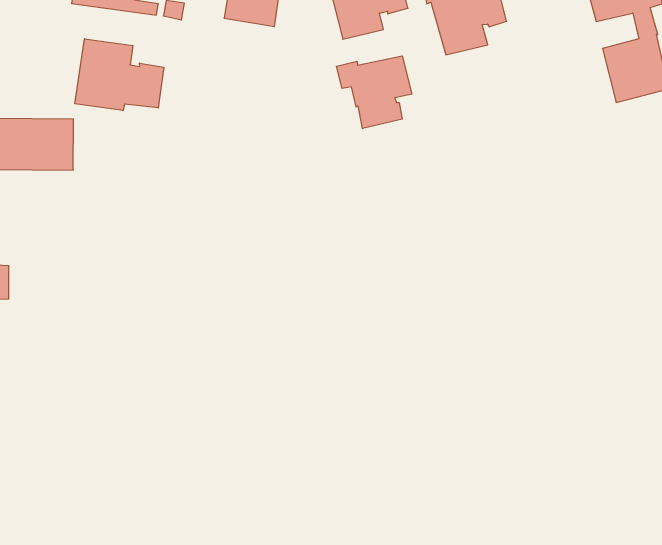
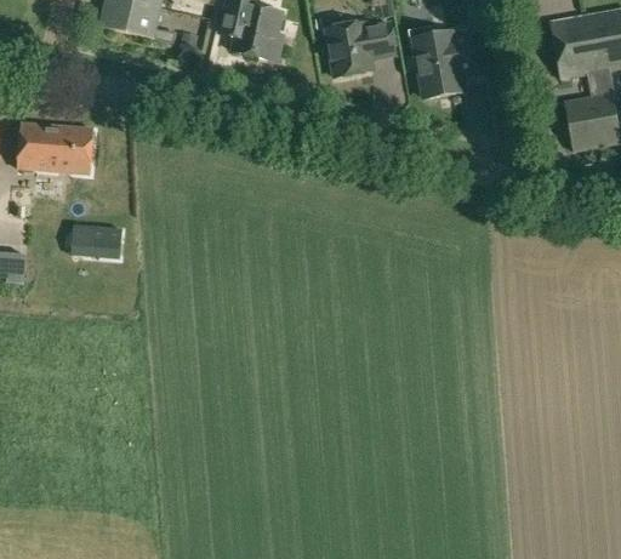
building: [75,39,164,111] -> none
building: [337,56,412,129] -> none
building: none -> [68,223,120,258]

